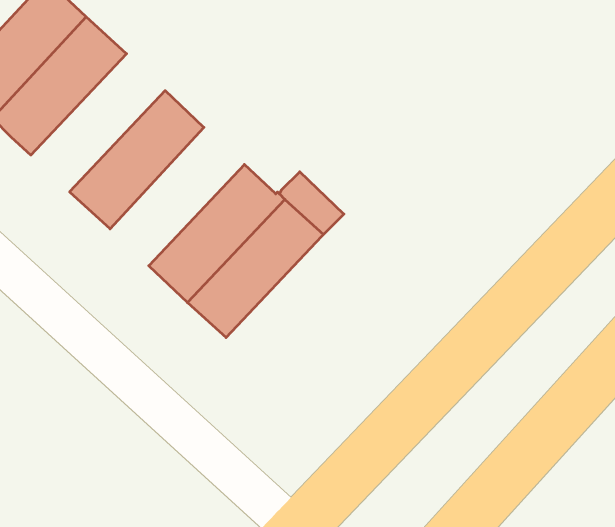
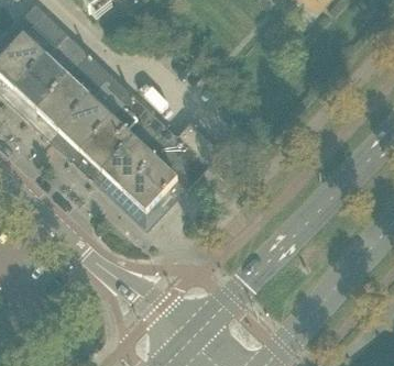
building: none -> [29,47,109,130]
building: none -> [76,91,156,174]

